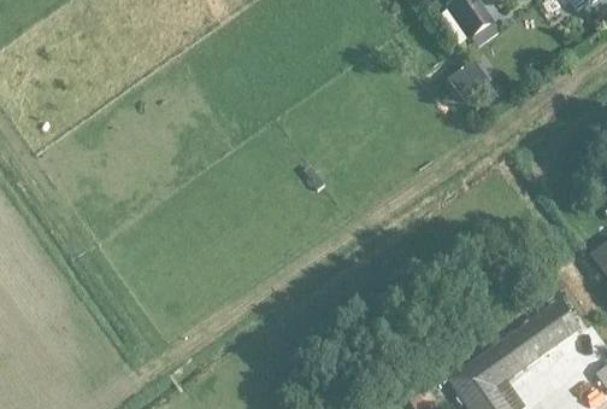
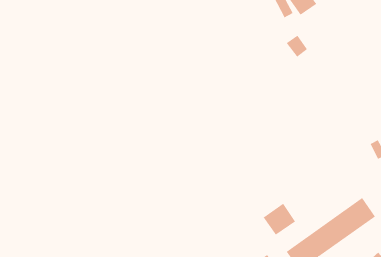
building: none -> [263,203,296,235]

